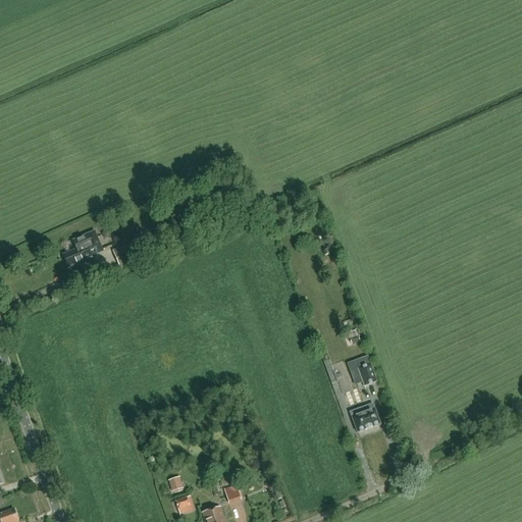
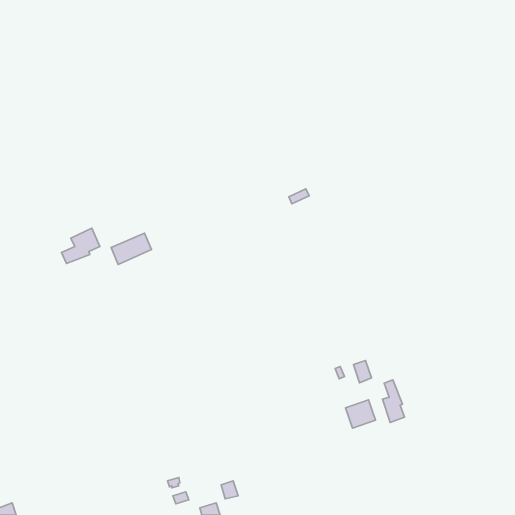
building: none -> [382,380,404,422]

